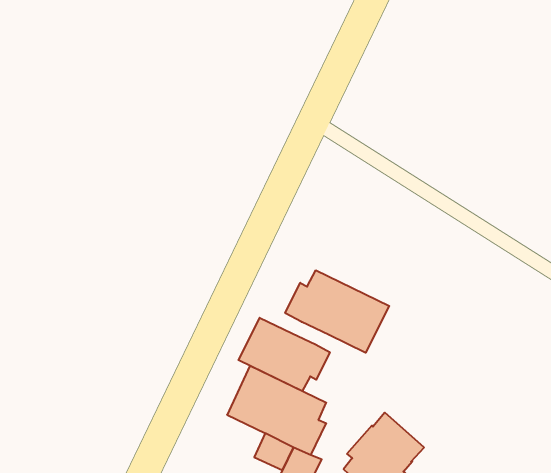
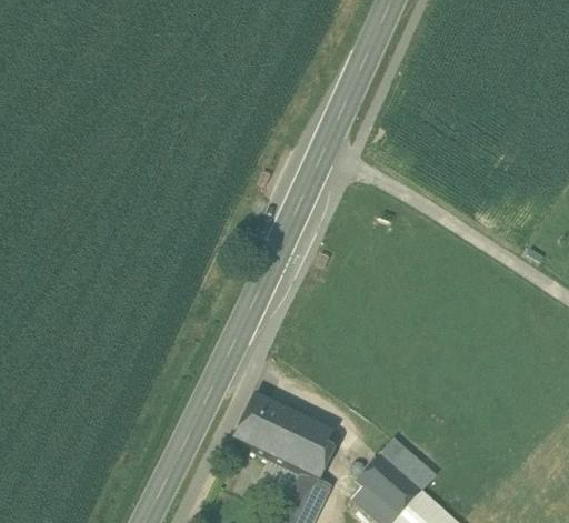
building: [285,270,389,353] -> none
building: [238,318,330,391] -> none

